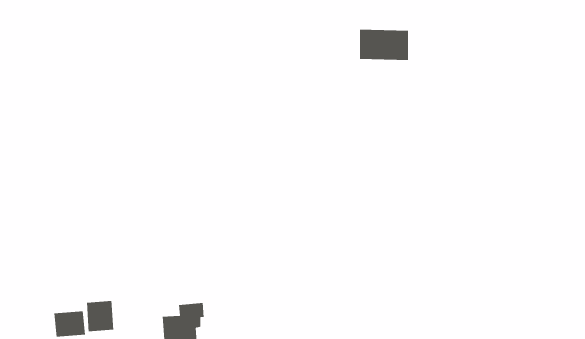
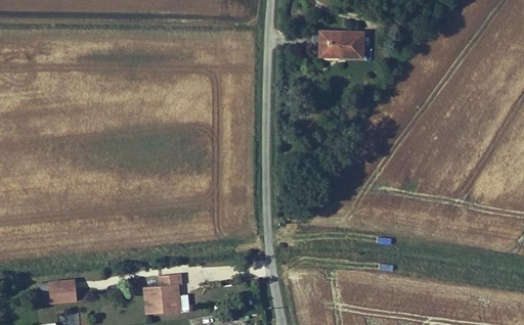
building: [86,300,114,332] -> none

